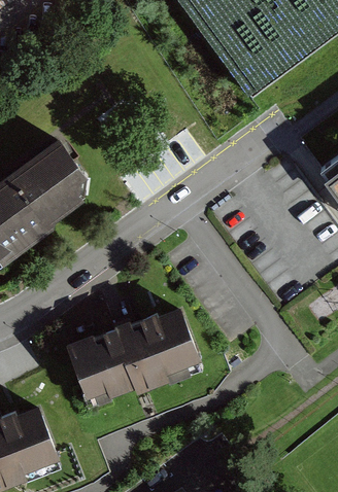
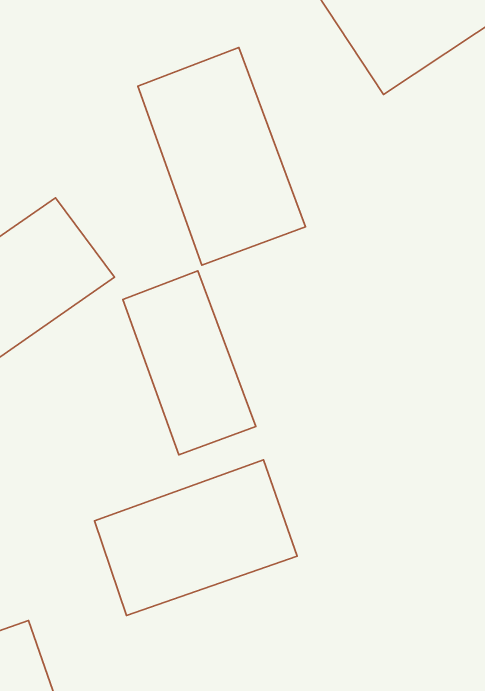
building: none -> [138,48,306,265]
building: none -> [123,271,256,455]

